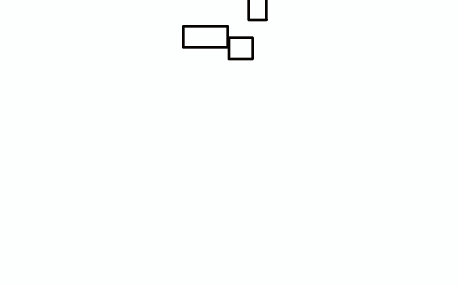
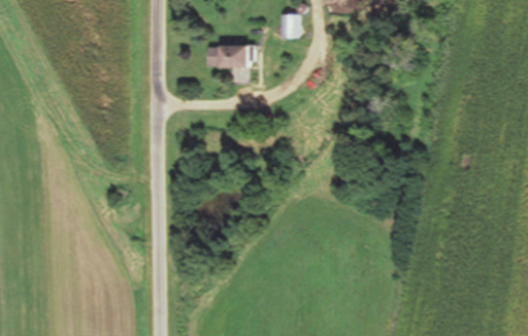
building: [229,38,252,59] -> none

